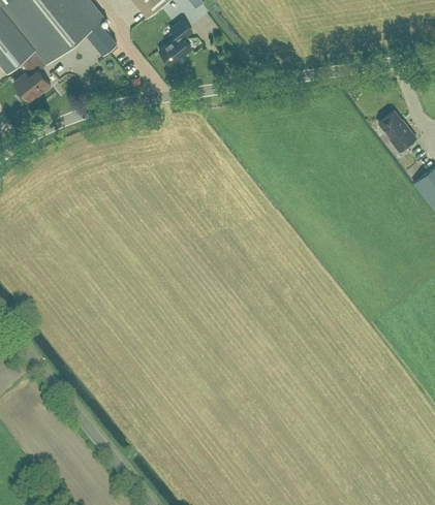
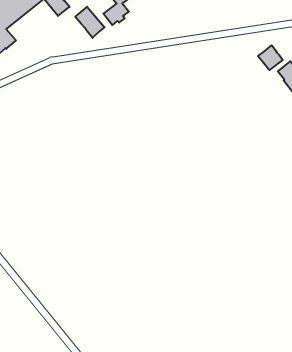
building: none -> [75,7,105,38]
building: none -> [258,45,283,70]

